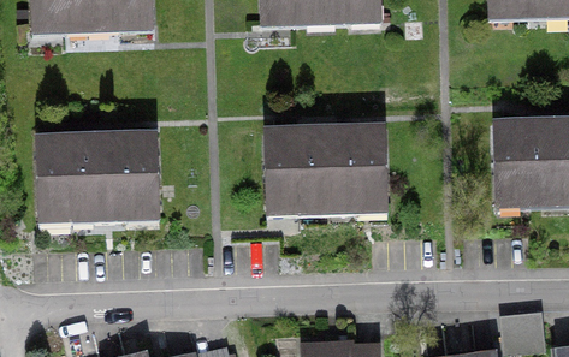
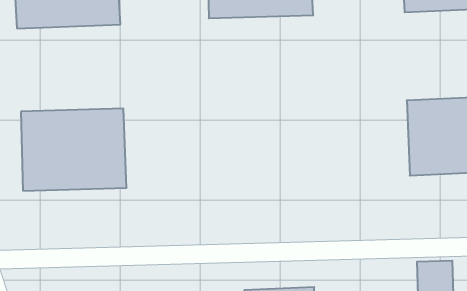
building: [261,121,390,215] -> none

